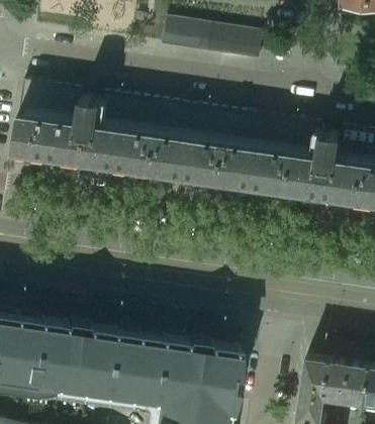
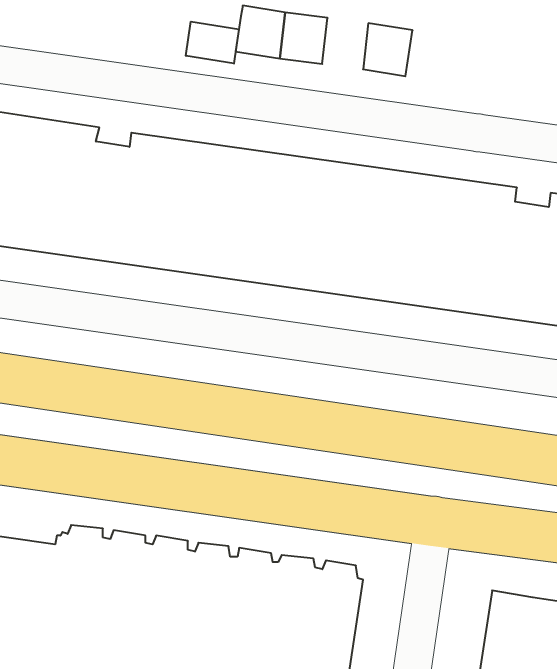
building: [211,30,238,60] -> none
building: none -> [186,22,239,64]

